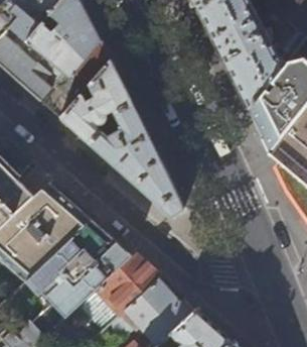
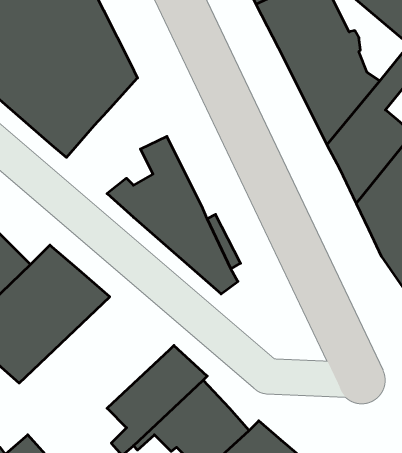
building: [58,61,131,144] -> none
building: [24,219,133,320] -> none

